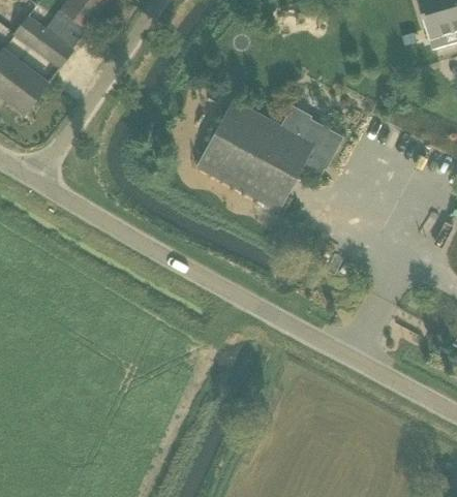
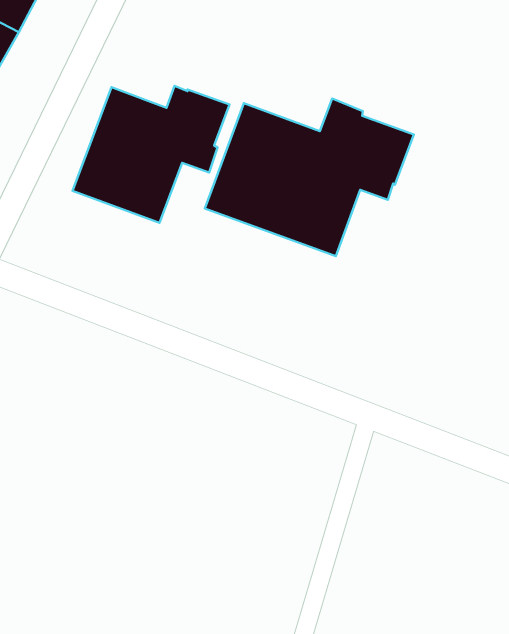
building: none -> [73,86,229,223]

